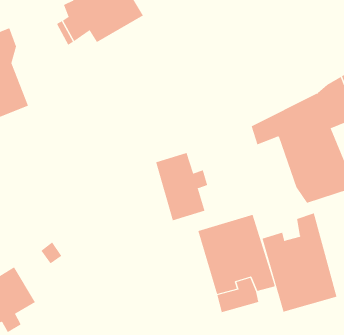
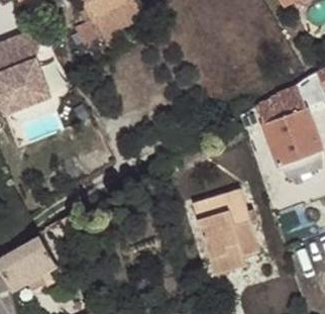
building: [155,152,208,221] -> none
building: [262,213,337,312] -> none

